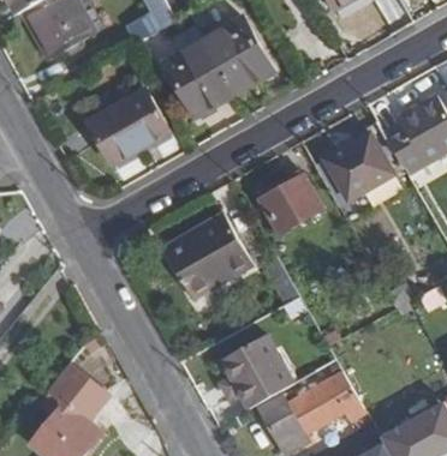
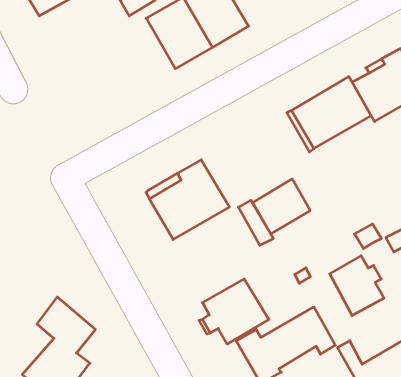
building: [83,79,168,163] -> none
building: [261,174,322,233] -> [253,179,310,234]
building: none -> [330,256,384,316]

